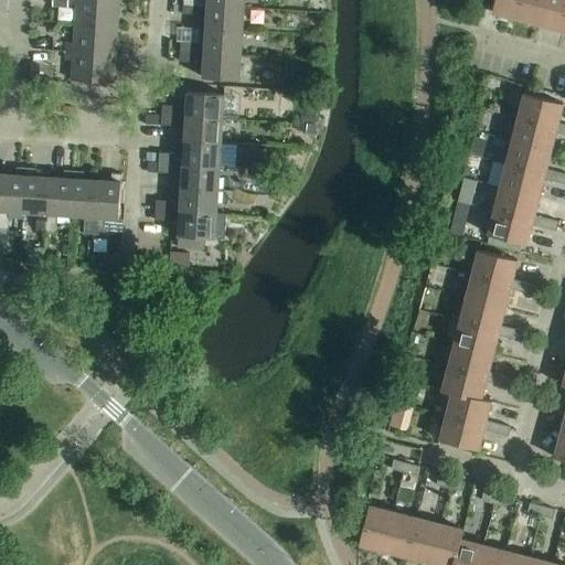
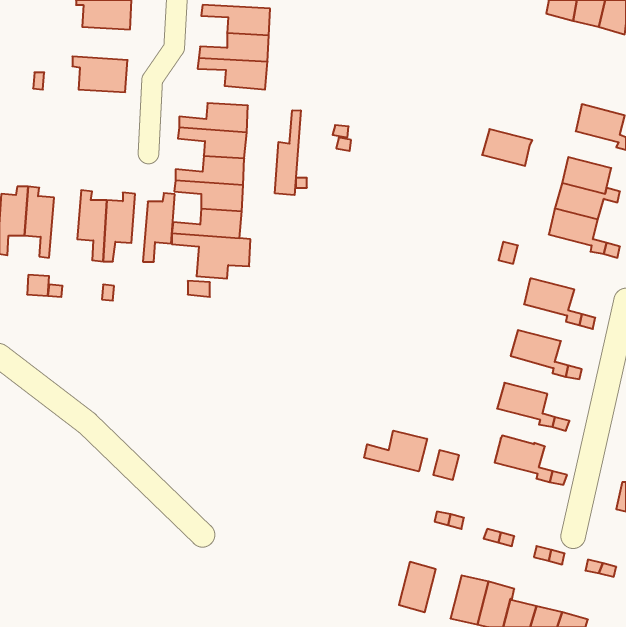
building: [65,24,117,54] -> none
building: none -> [275,110,301,195]
building: [511,118,556,151] -> [482,129,532,166]
building: [44,170,73,232] -> [143,193,175,262]
building: [487,211,532,245] -> none
building: [466,274,510,307] -> none
building: [454,320,498,354] -> none
building: [441,367,486,399] -> none
building: none -> [364,431,427,471]
building: [439,416,483,449] -> none
building: [382,512,415,556] -> none

